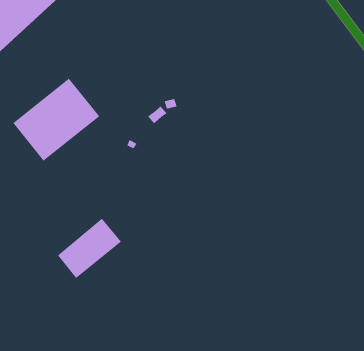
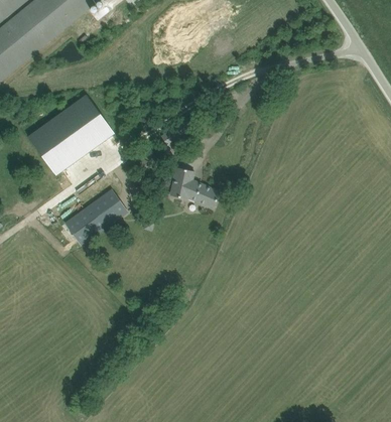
building: none -> [168,166,219,208]
building: [57,218,122,279] -> [63,187,128,246]

